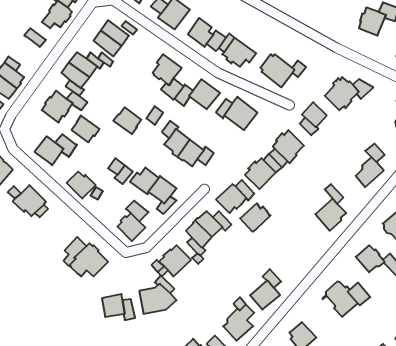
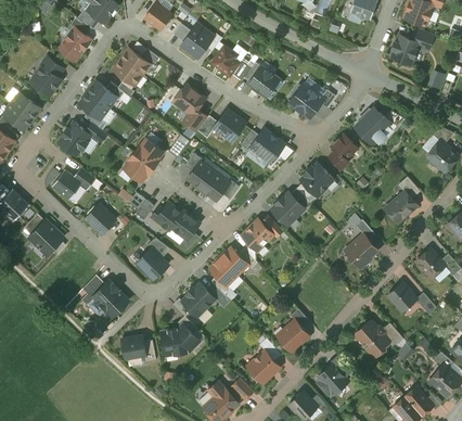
building: none -> [30,65,61,97]
building: [72,115,100,142] -> [124,153,153,181]
building: [240,203,271,232] -> none

